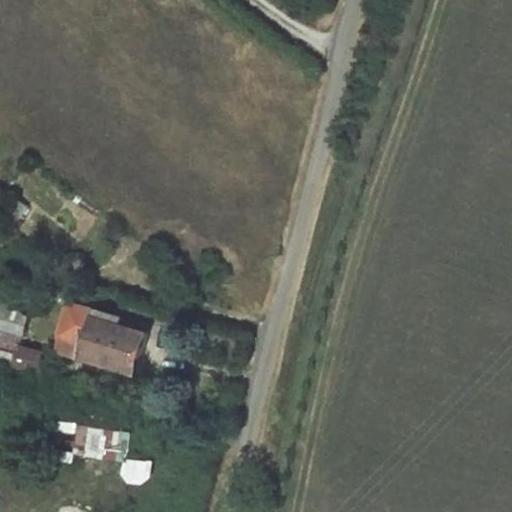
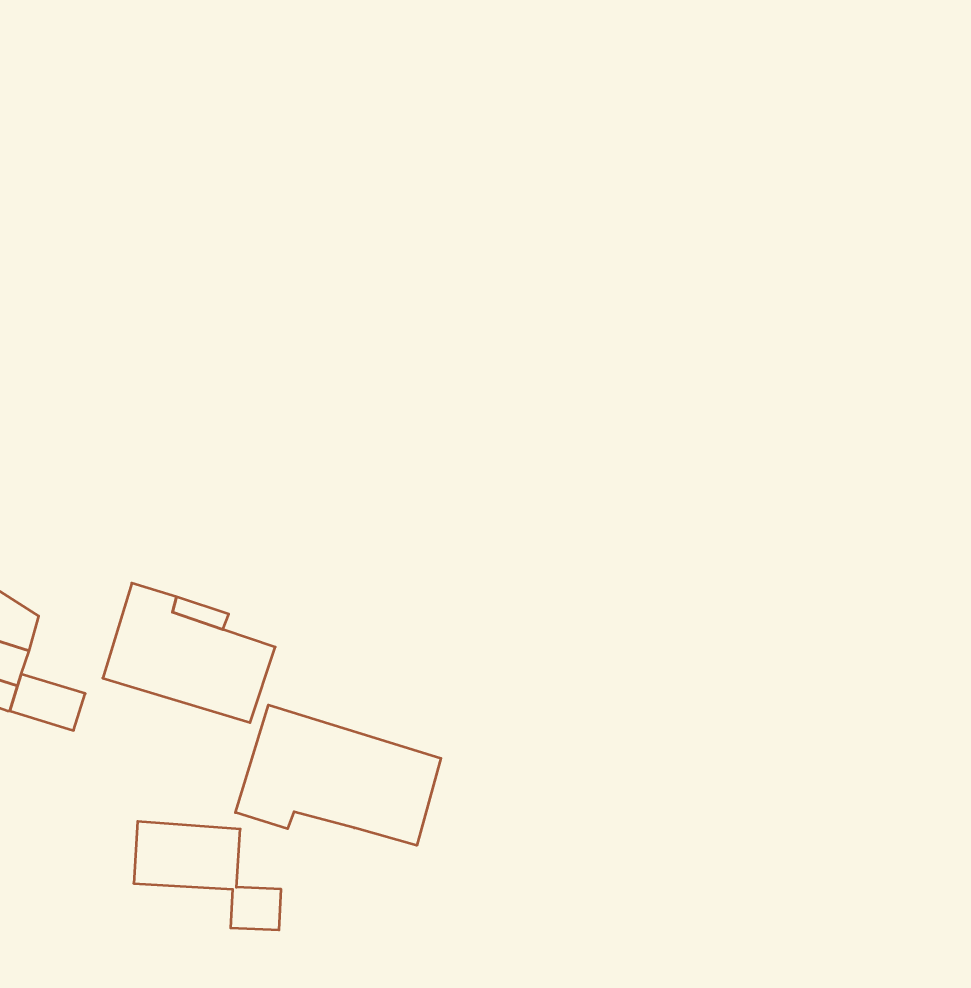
building: none -> [235,705,441,845]

